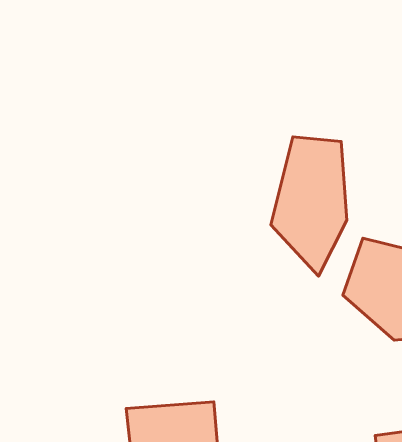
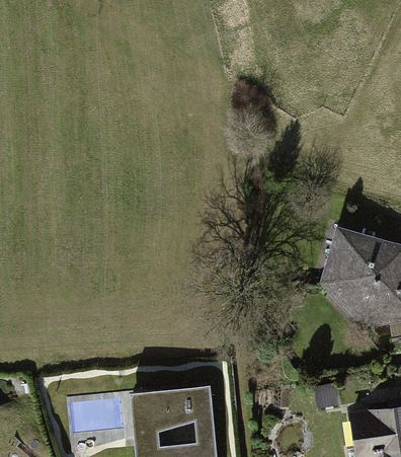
building: [271,137,347,276] -> none

